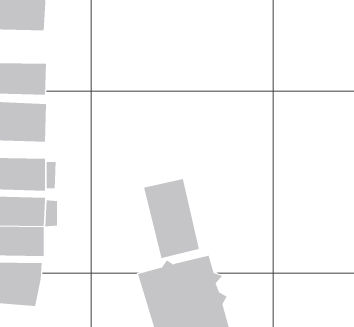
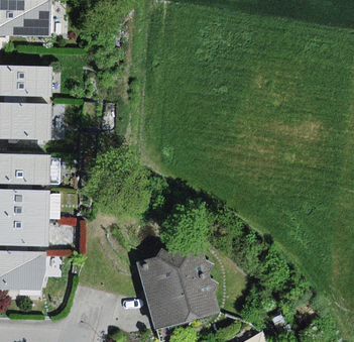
building: [143,178,199,259] -> none

